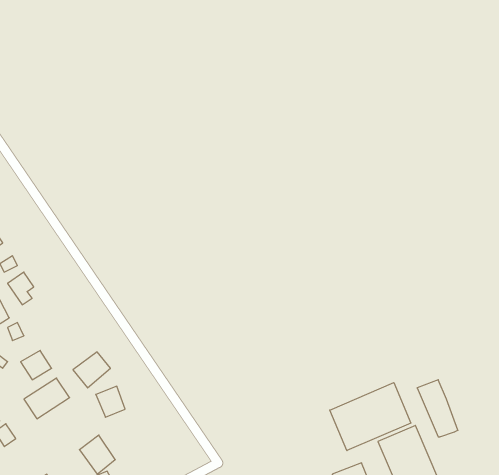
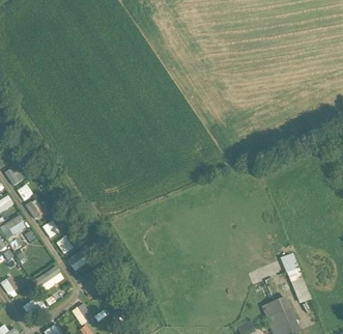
building: [330,383,411,451] -> none

